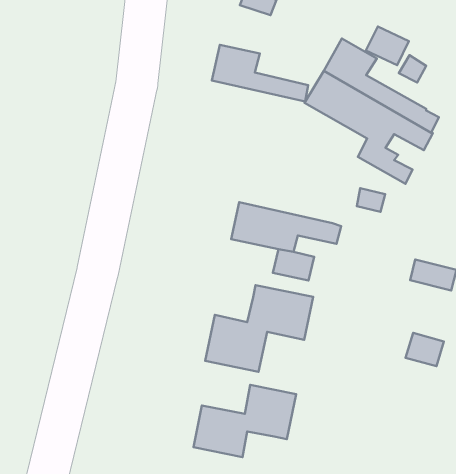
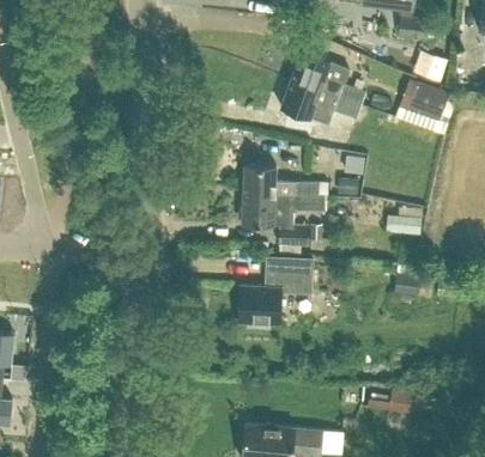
building: [212,45,308,101] -> [242,166,317,199]
building: [193,385,296,457] -> none

